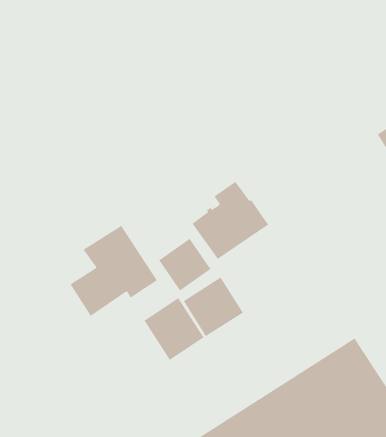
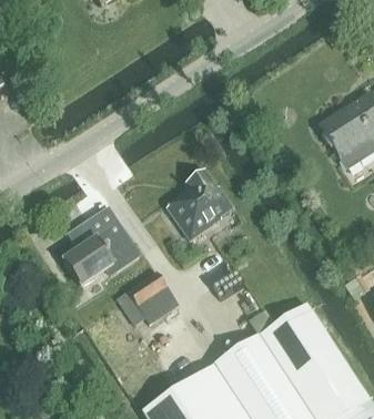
building: [158,238,211,291] -> none
building: [183,276,244,337] -> none

